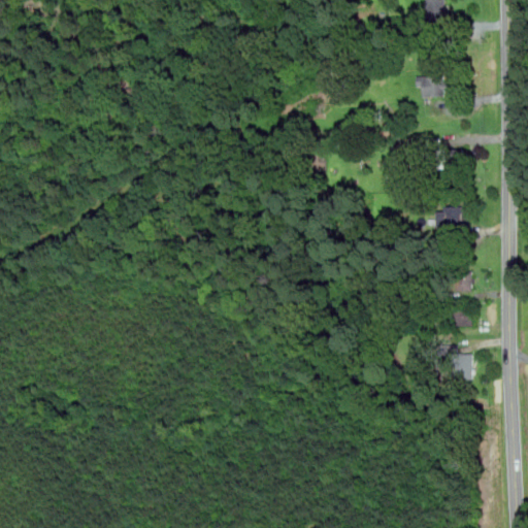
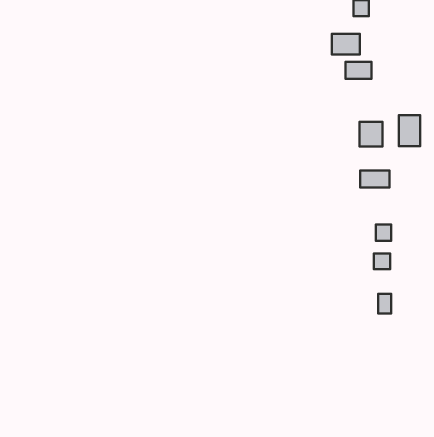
building: none -> [332,34,360,55]
building: none -> [399,115,420,146]

